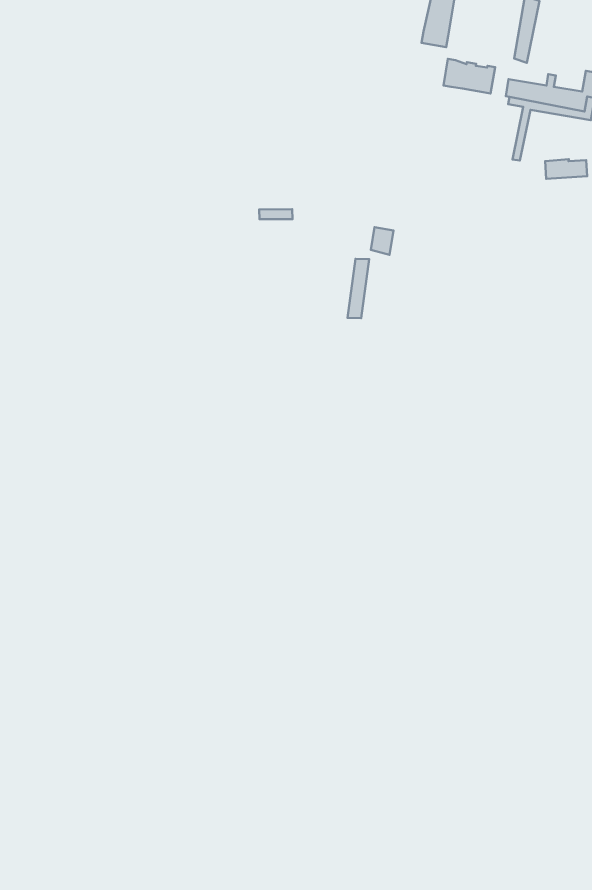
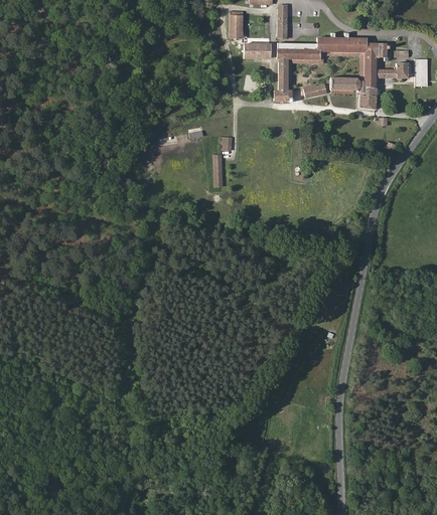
building: none -> [273,61,292,102]

